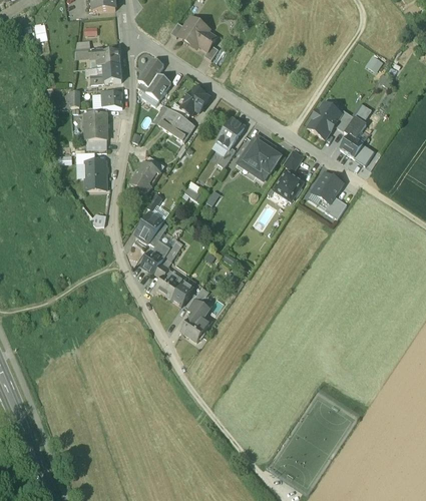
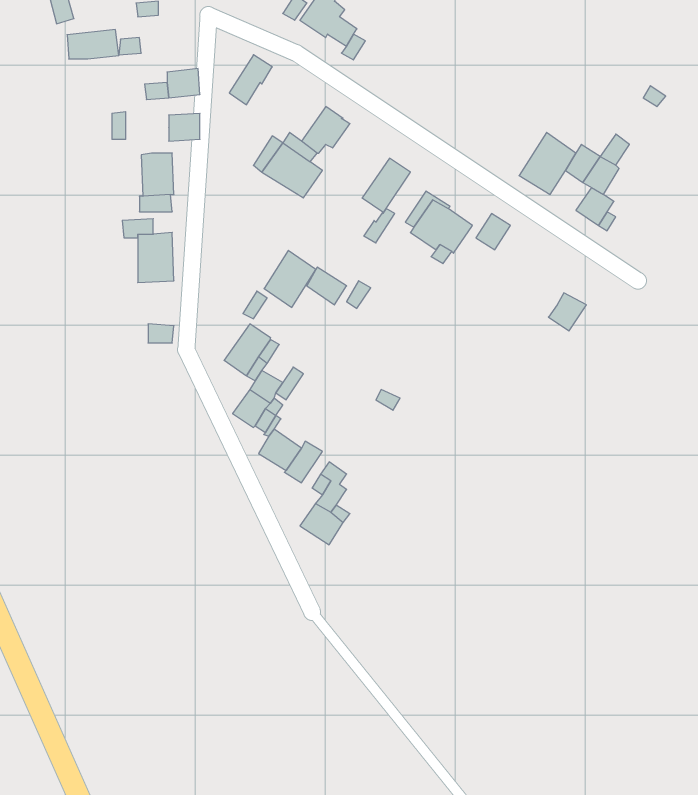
building: [90,49,120,66] -> [67,30,119,59]
building: [144,72,170,99] -> none
building: [129,160,159,193] -> [264,250,316,307]
building: [273,169,303,199] -> none
building: [311,170,342,201] -> none

